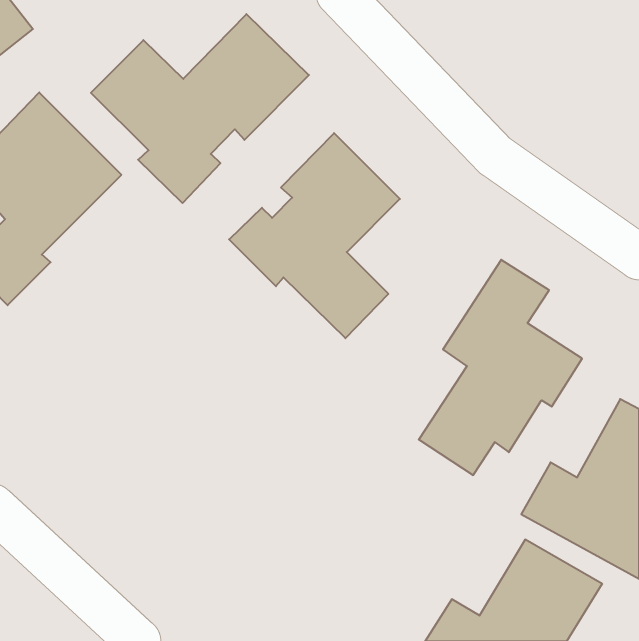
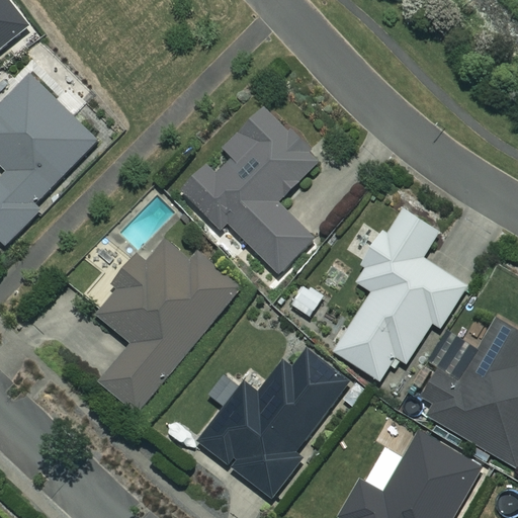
building: [91,14,309,203] -> none
building: none -> [97,239,239,412]
building: none -> [198,349,350,498]

